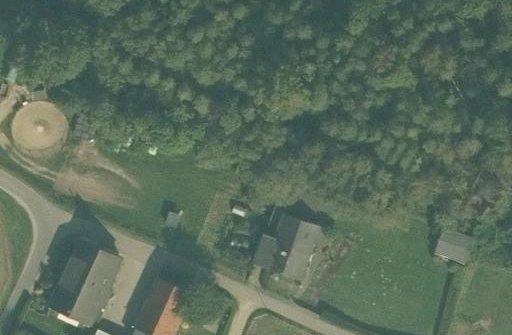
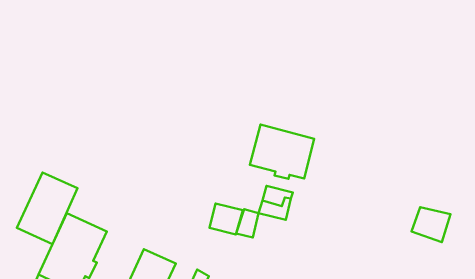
building: none -> [250,124,314,179]
building: none -> [17,173,77,244]
building: [271,239,305,271] -> [210,204,243,235]

